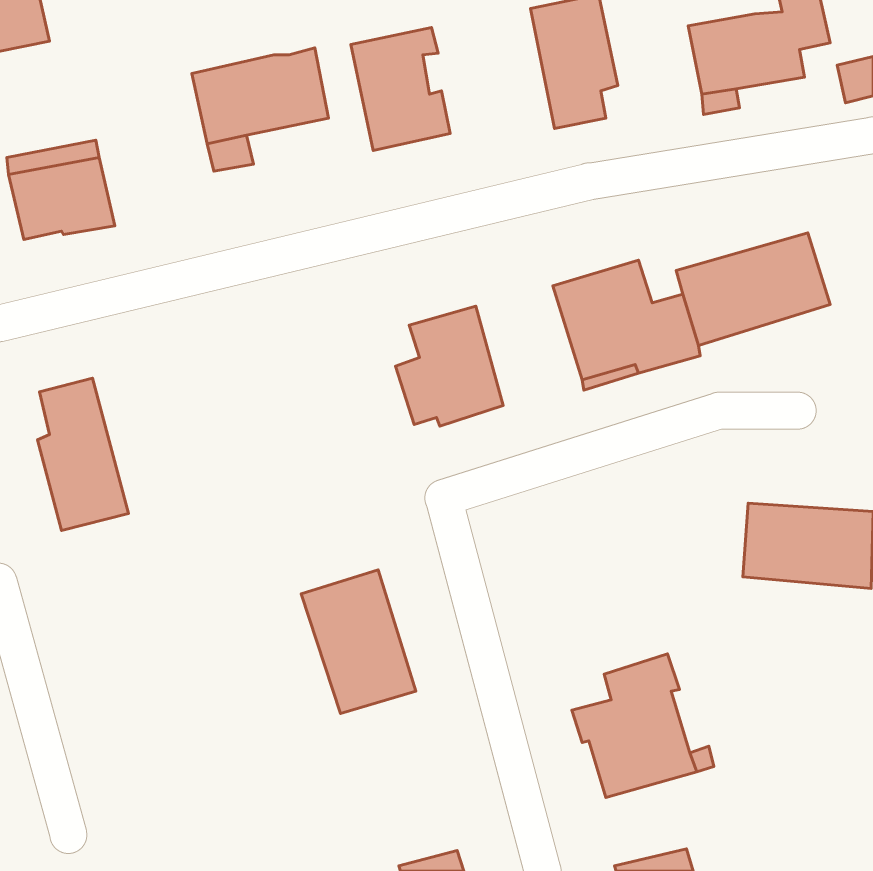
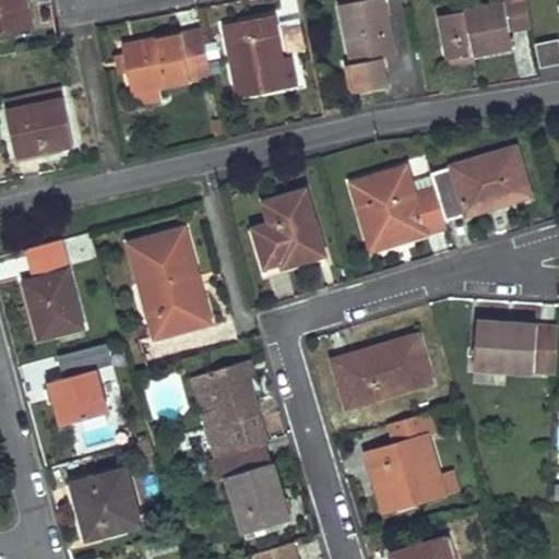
building: none -> [130,229,200,336]
building: none -> [333,335,431,407]
building: none -> [44,369,107,424]
building: none -> [210,450,288,532]
building: none -> [72,468,142,537]

